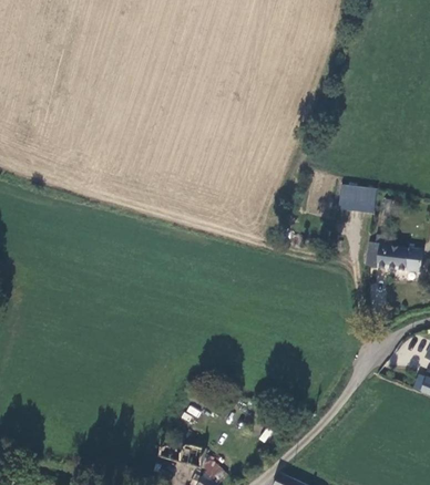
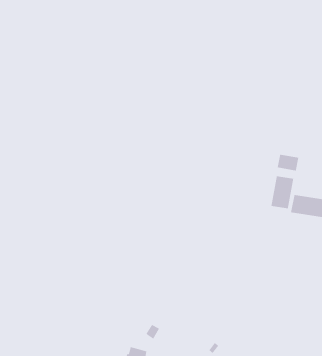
building: none -> [271,175,294,209]

